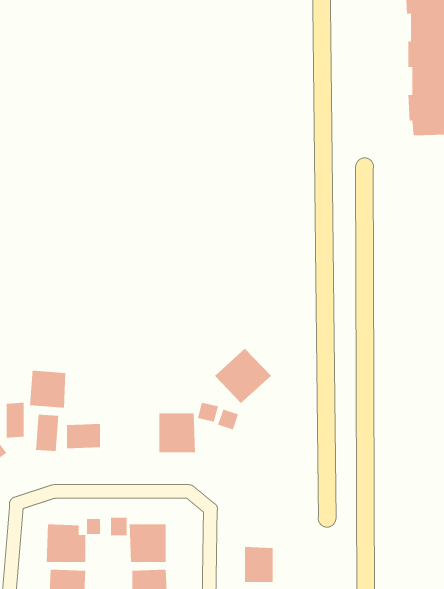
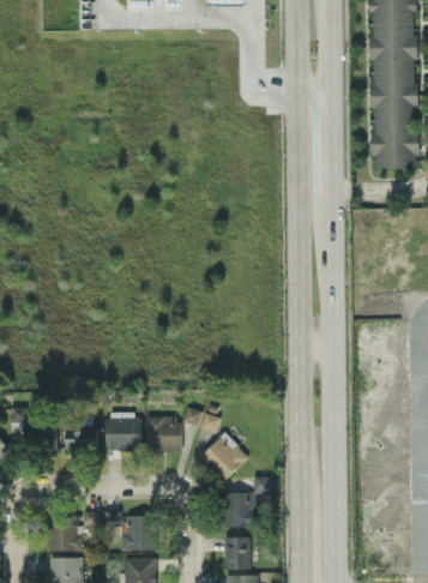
building: [214,348,272,404] -> [198,431,249,481]
building: [29,370,66,408] -> none
building: none -> [106,413,141,450]
building: none -> [224,475,269,525]

